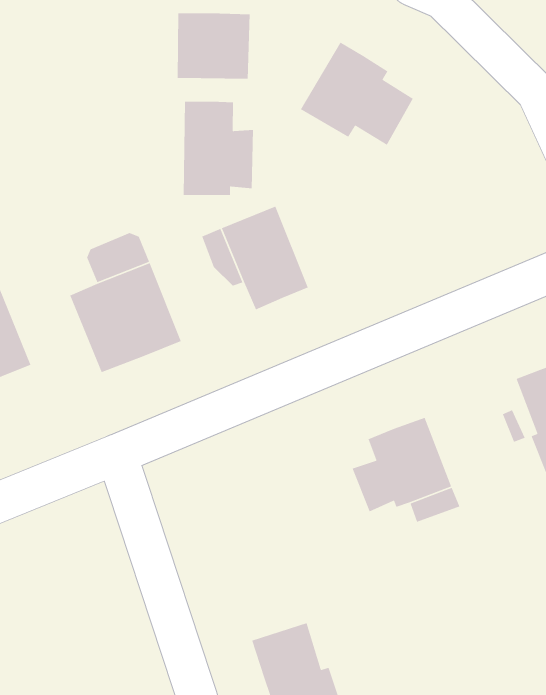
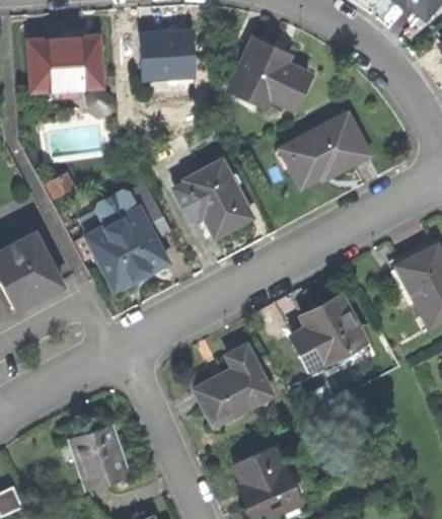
building: none -> [27,35,102,91]
building: [183,101,254,196] -> none
building: none -> [280,115,368,187]
building: none -> [192,345,269,424]
building: none -> [73,422,131,489]

